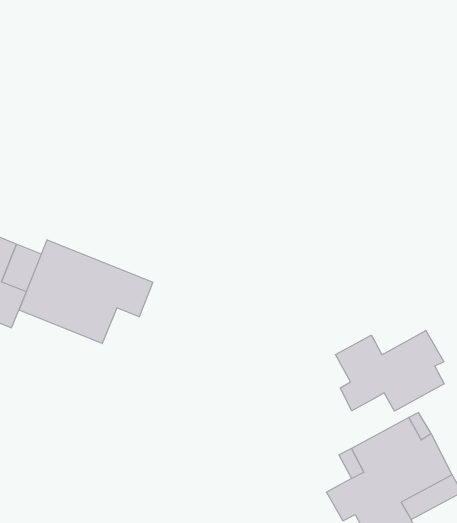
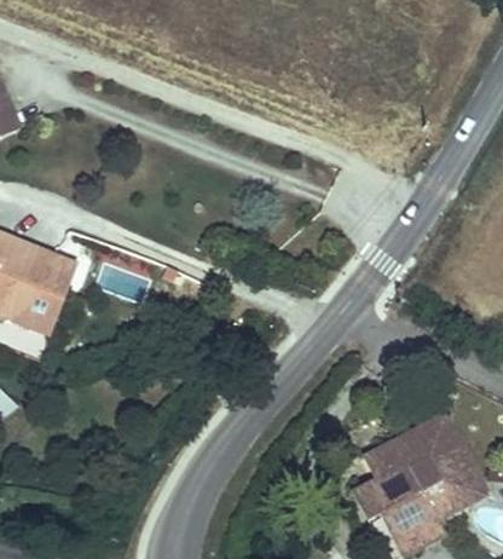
building: [19,240,153,344] -> none
building: [335,330,444,411] -> none

